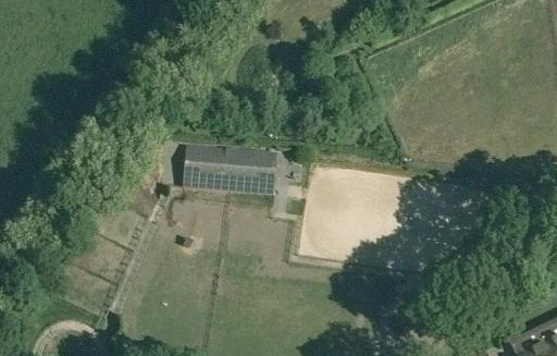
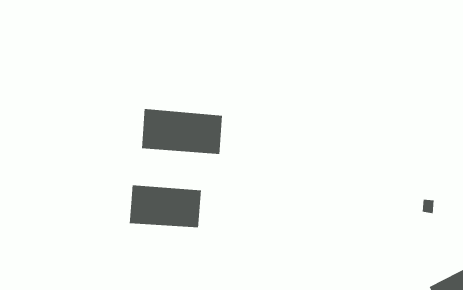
building: none -> [129,185,201,228]

